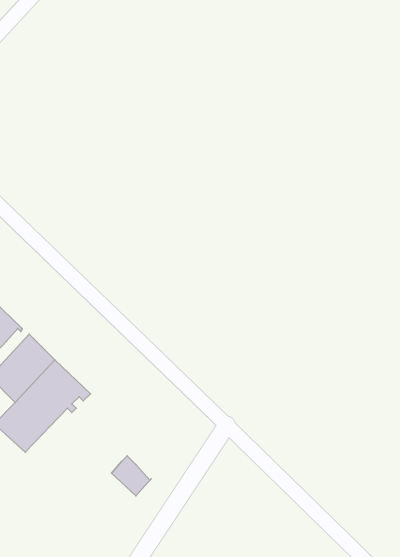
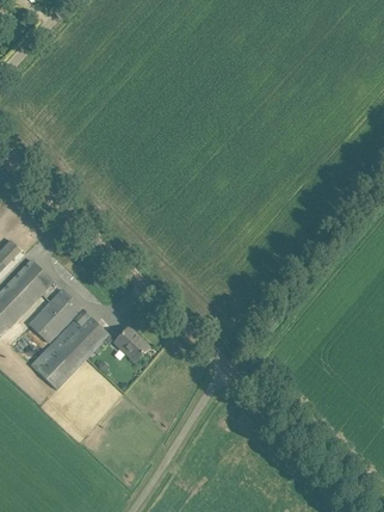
building: [112,456,151,496] -> [114,327,148,360]

